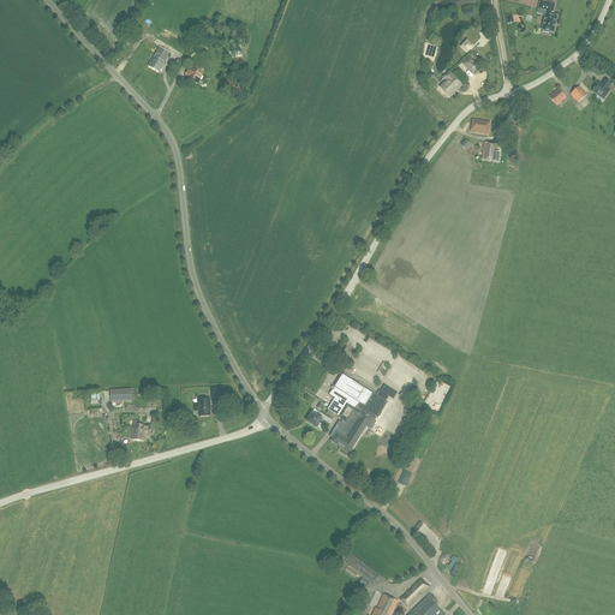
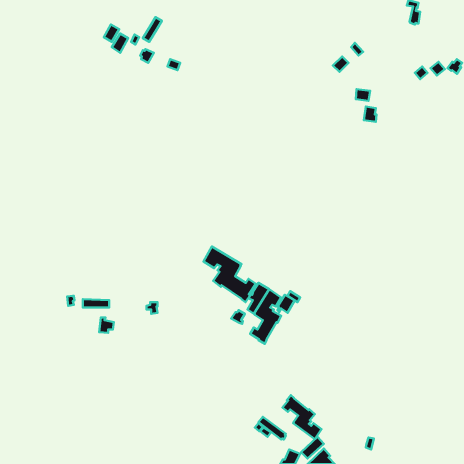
building: none -> [204,246,256,302]
building: none -> [283,395,321,439]

